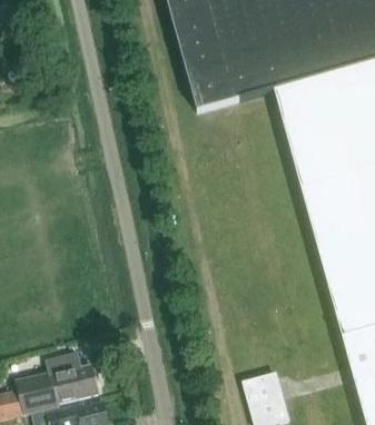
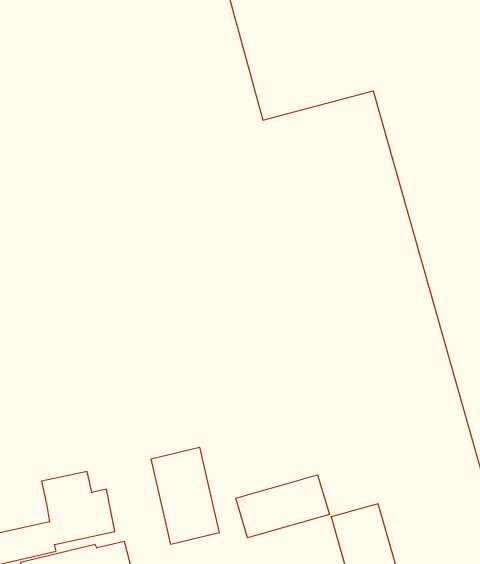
building: none -> [151,447,219,544]
building: none -> [236,475,329,538]

